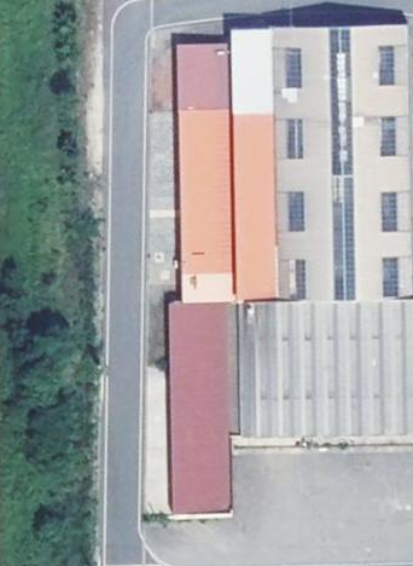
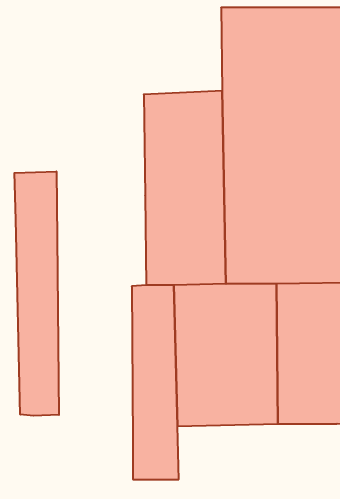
building: [184,23,263,111] -> none
building: none -> [14,171,59,416]

